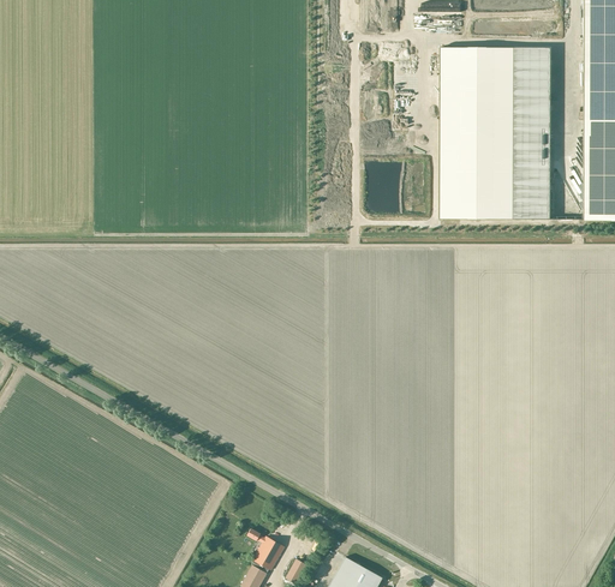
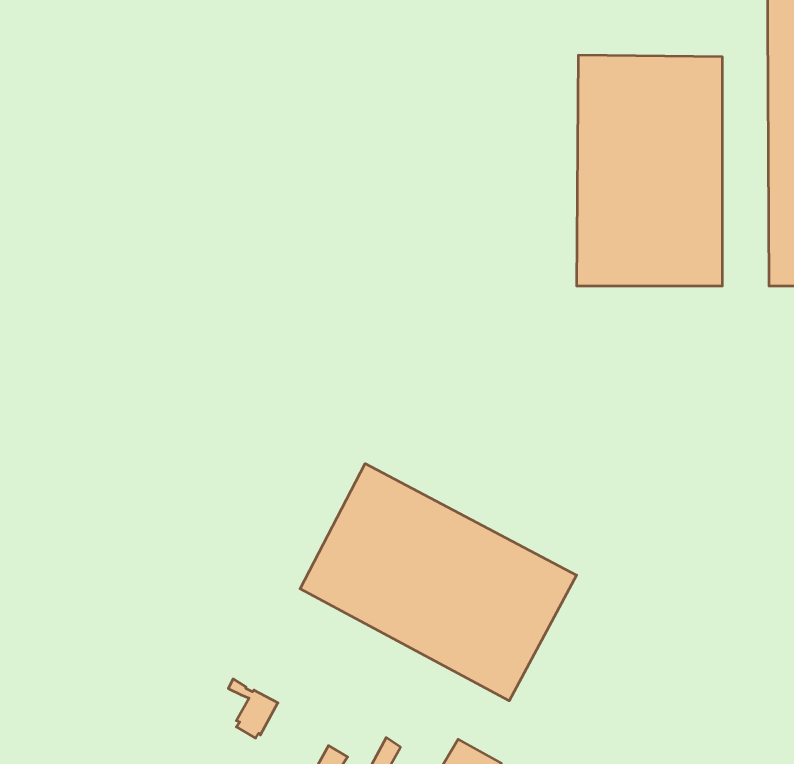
building: none -> [300,464,577,701]
building: [249,527,286,571] -> [228,679,278,738]

